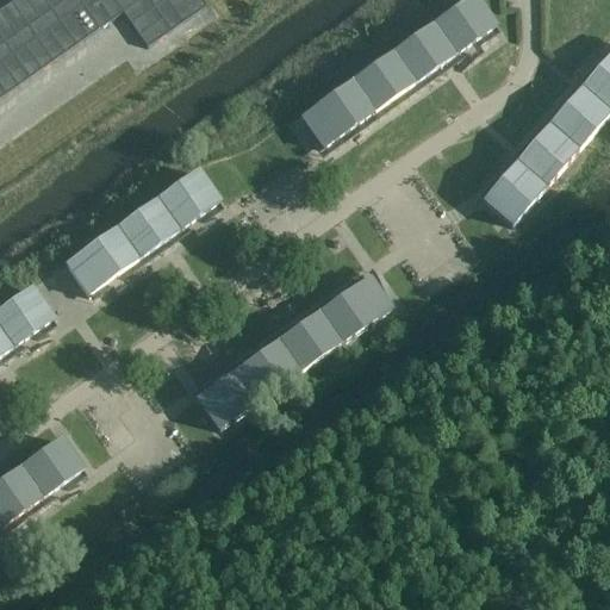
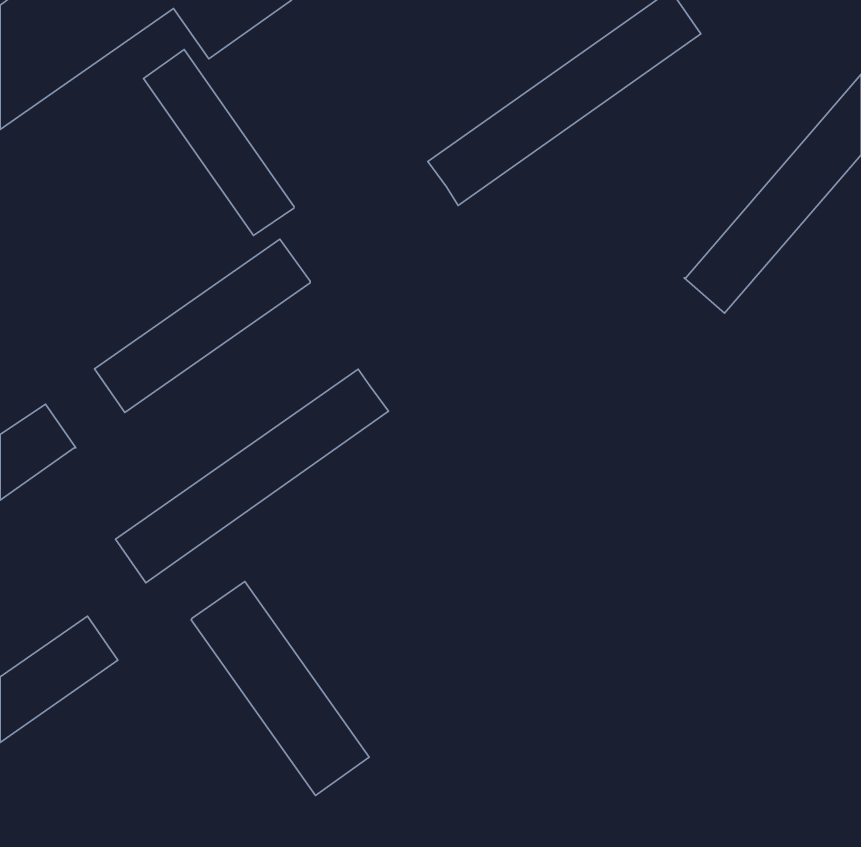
building: none -> [143,50,294,235]
building: [198,275,391,427] -> [115,369,388,583]
building: none -> [191,581,369,795]

